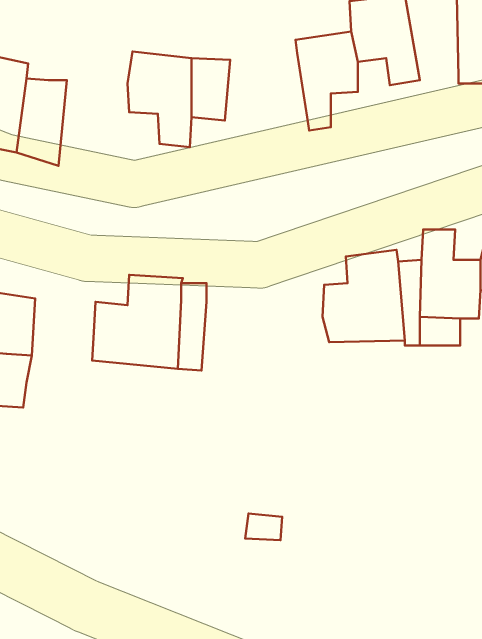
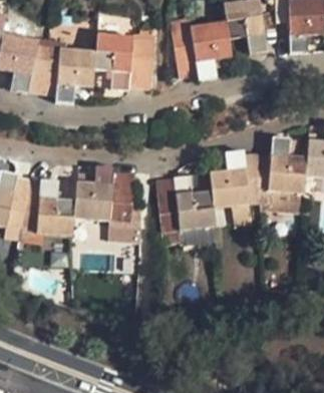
building: none -> [174,33,201,72]
building: none -> [52,49,94,102]
building: none -> [159,176,214,230]
building: none -> [33,179,73,234]

